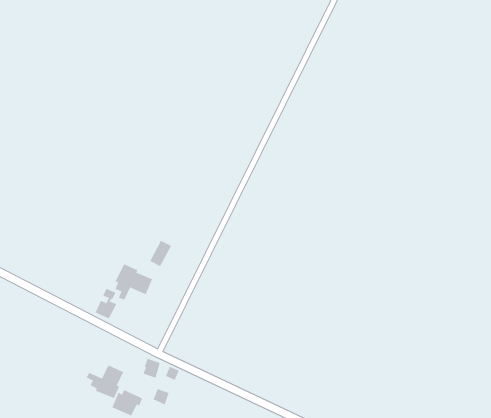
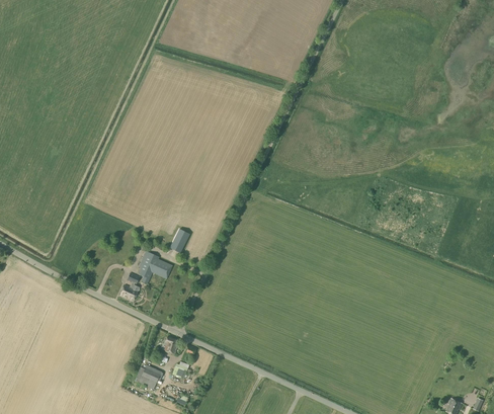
building: [86,364,124,399] -> none

